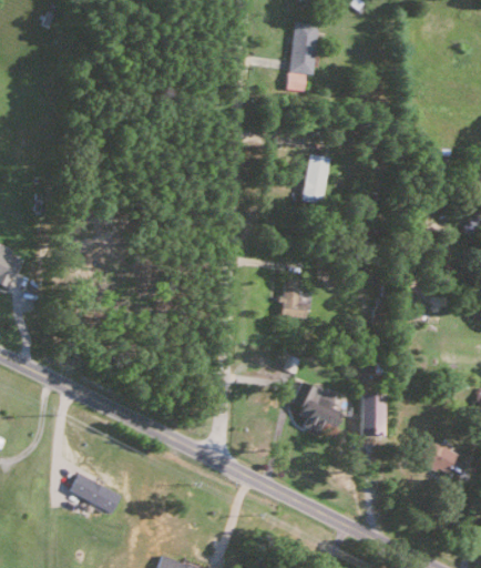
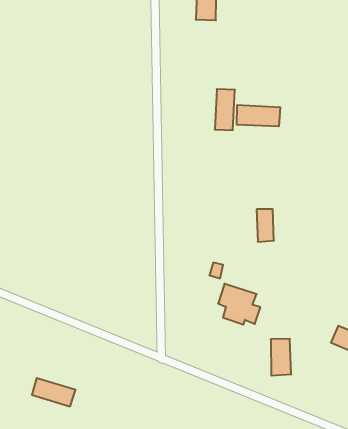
building: none -> [237,105,280,126]
building: [282,280,301,317] -> [257,209,274,242]
building: [360,394,385,436] -> [271,339,291,376]

